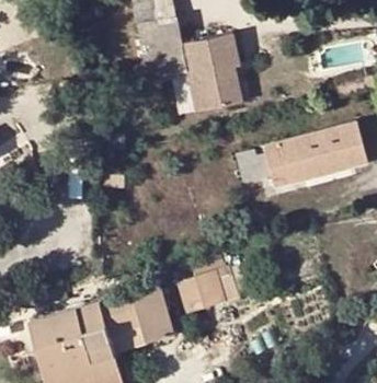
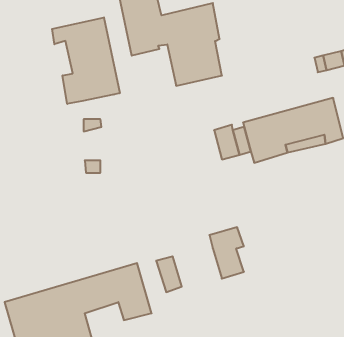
building: none -> [52,17,120,104]
building: [192,258,226,309] -> [209,227,244,279]

